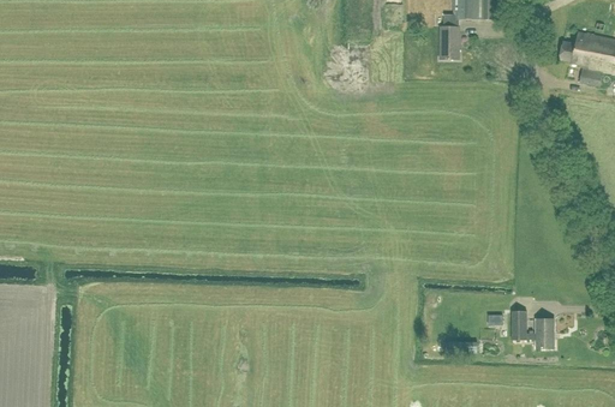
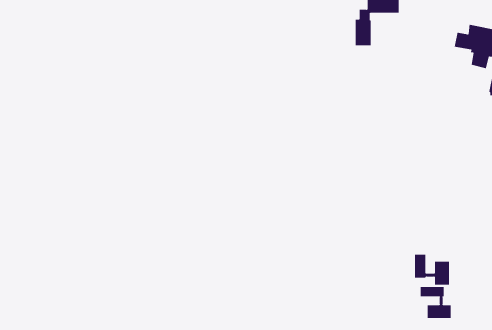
building: none -> [420,286,451,319]

